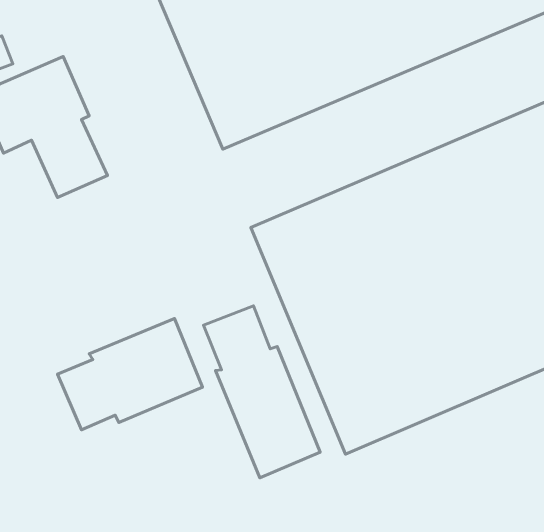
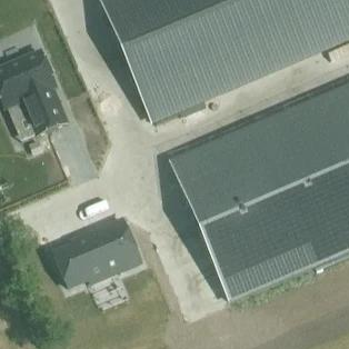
building: [203,306,320,478] -> none

